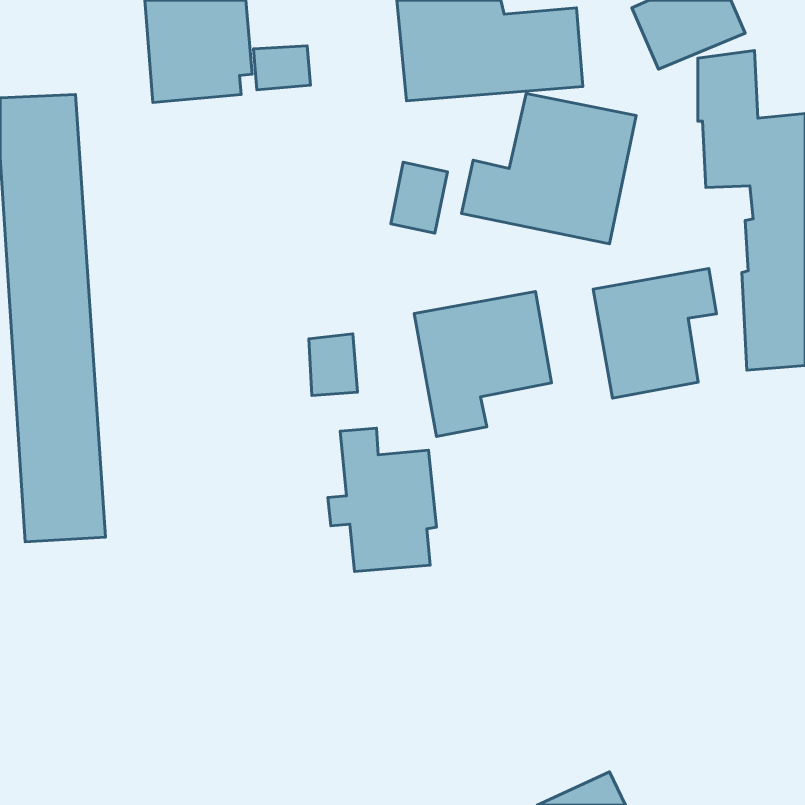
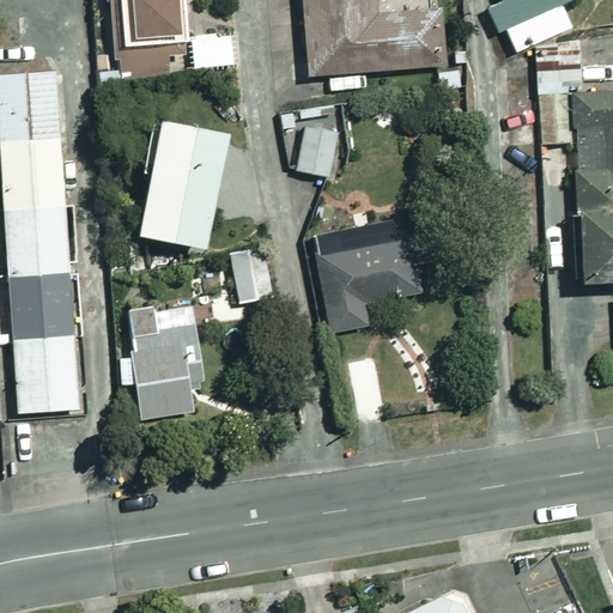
building: [462,94,636,244] -> none
building: none -> [141,119,231,248]
building: [593,268,717,398] -> none
building: [328,428,436,571] -> [121,308,204,417]

